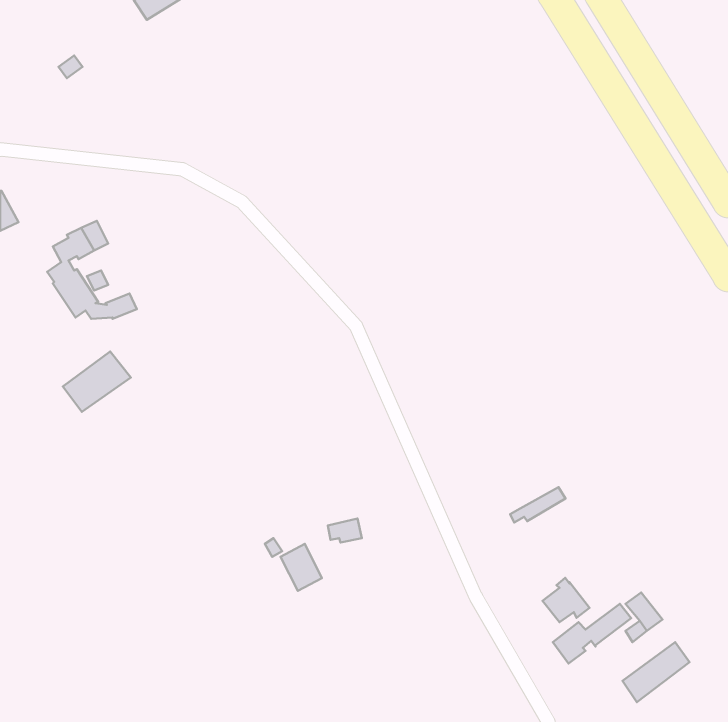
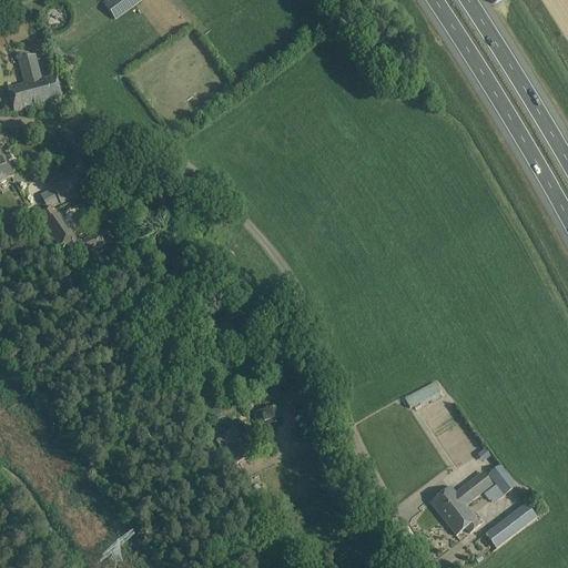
building: none -> [9,53,62,110]
building: [63,351,131,412] -> none
building: [542,578,589,622] -> [443,499,479,534]

